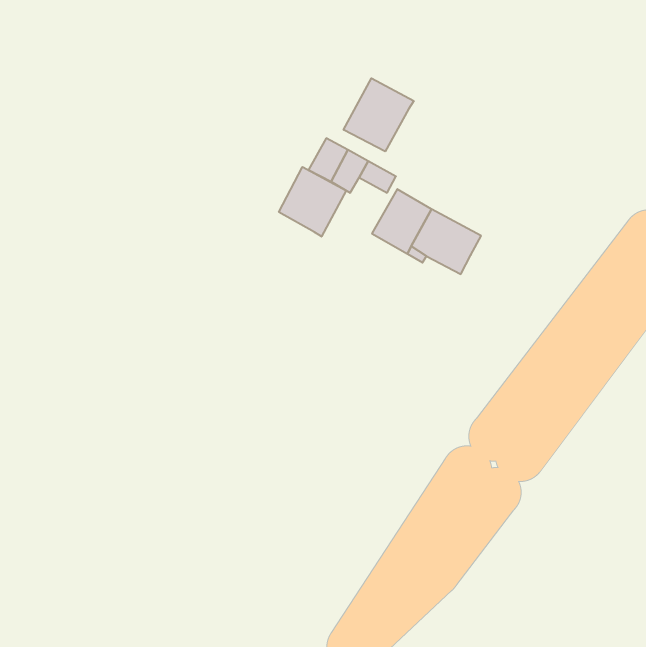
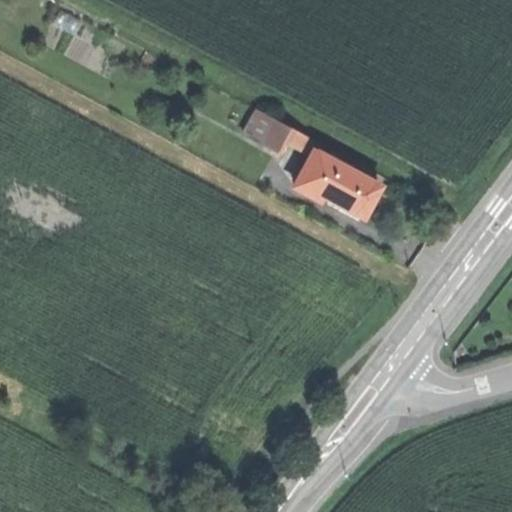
building: [344,78,414,151] -> none
building: [279,167,346,237] -> none

